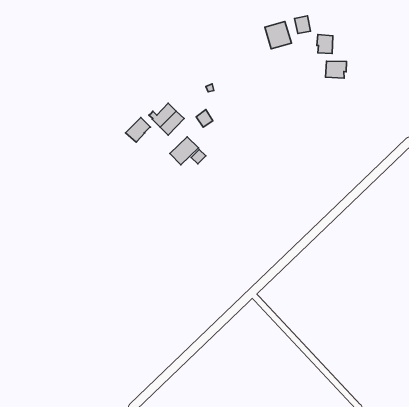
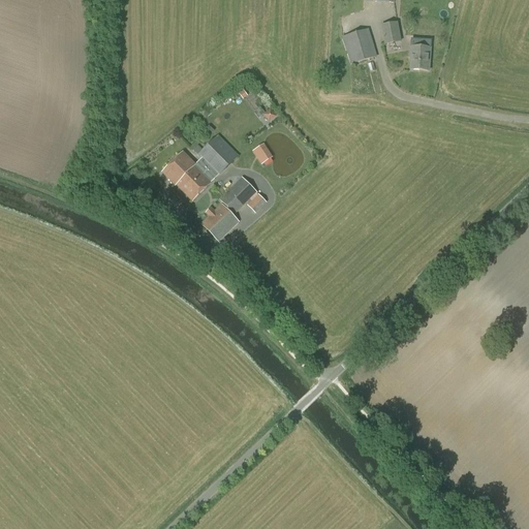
building: [325,61,346,78] -> none
building: none -> [177,164,210,199]
building: none -> [201,205,239,240]

